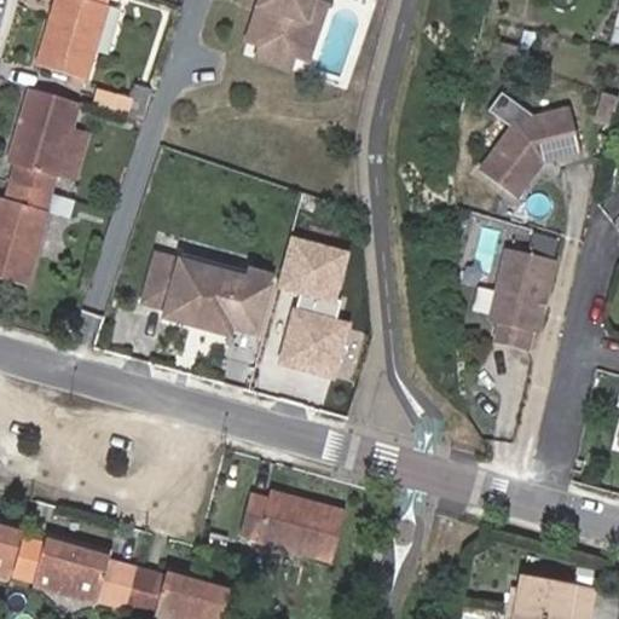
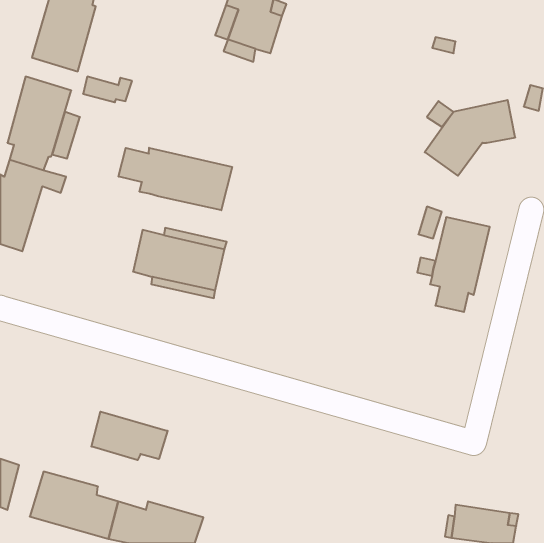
building: none -> [119,148,232,210]
building: [272,232,348,376] -> none
building: none -> [91,412,168,460]
building: [241,493,346,562] -> none

